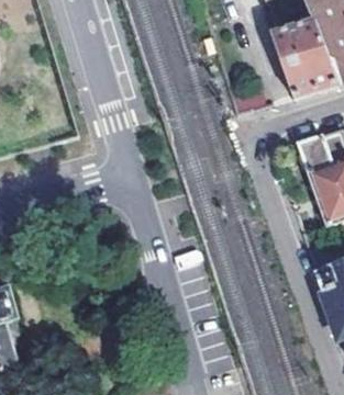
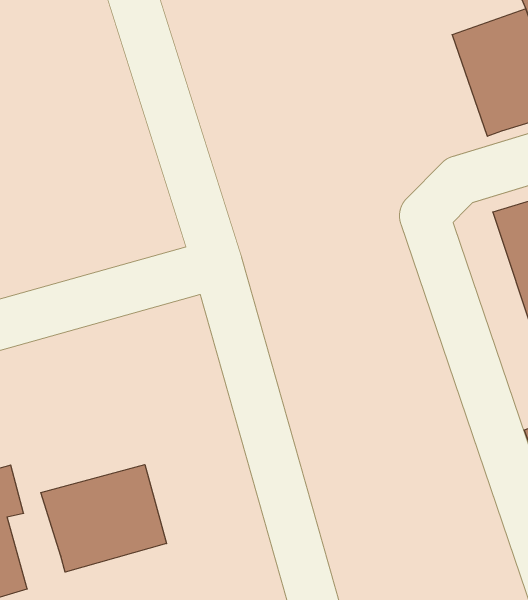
building: none -> [41,465,167,572]

